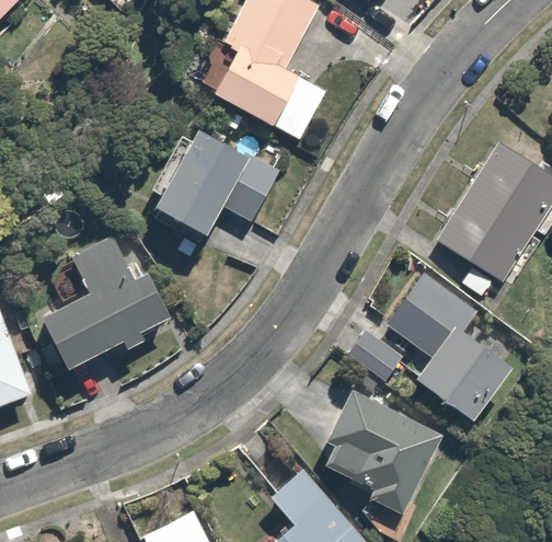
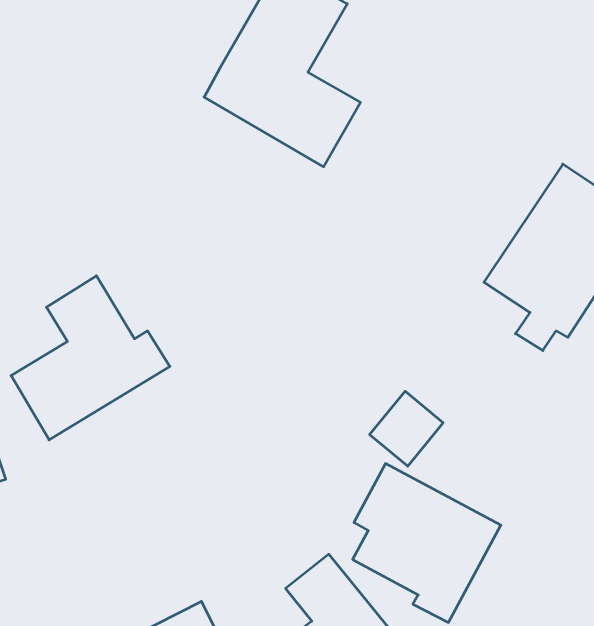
building: [150,123,262,239] -> none
building: [391,279,515,427] -> none

